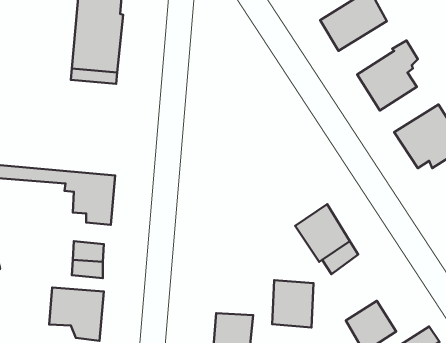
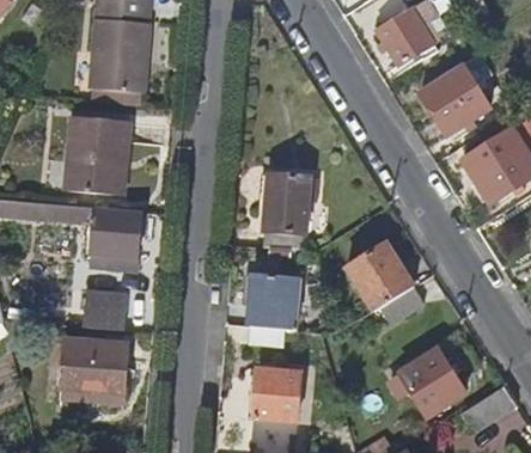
building: none -> [44,114,128,191]
building: none -> [261,176,317,250]
building: [272,280,313,327] -> [250,276,298,331]

